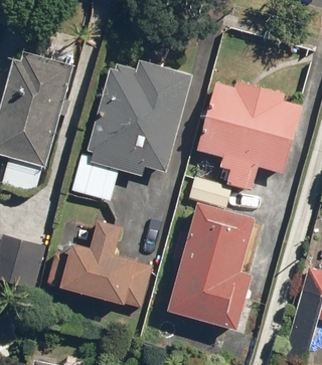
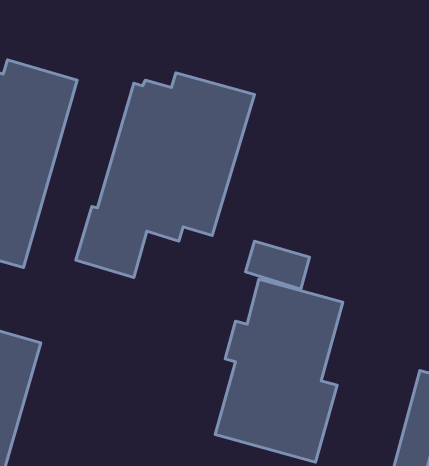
building: [198,82,302,190] -> none
building: [60,220,153,310] -> none

